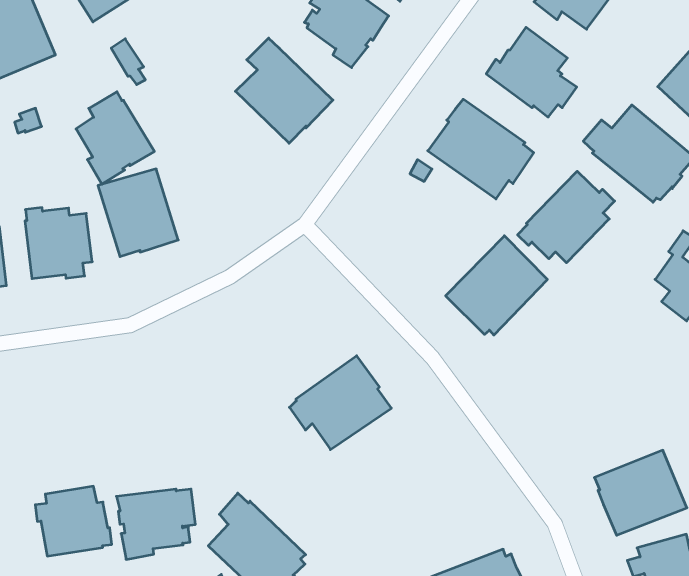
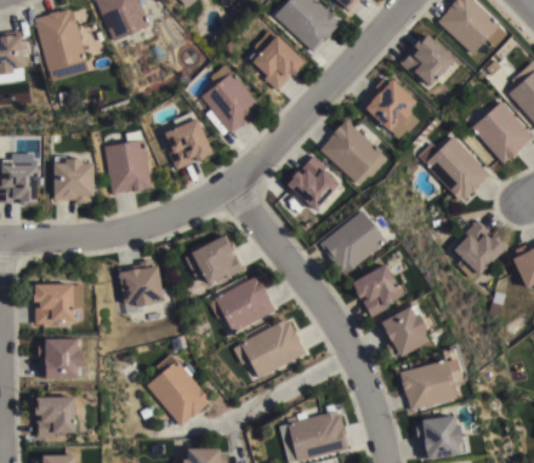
building: [76,92,154,184] -> [164,112,212,170]
building: [518,171,615,263] -> none
building: none -> [286,167,339,210]
building: none -> [184,233,244,284]
building: none -> [352,263,407,316]
building: none -> [118,265,163,307]
building: none -> [377,304,430,358]
building: none -> [234,320,306,378]
building: [116,489,195,559] -> [35,284,84,325]

